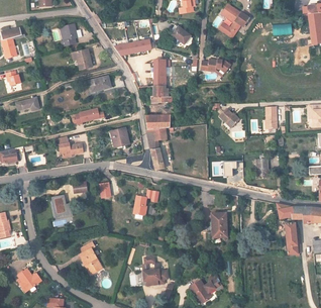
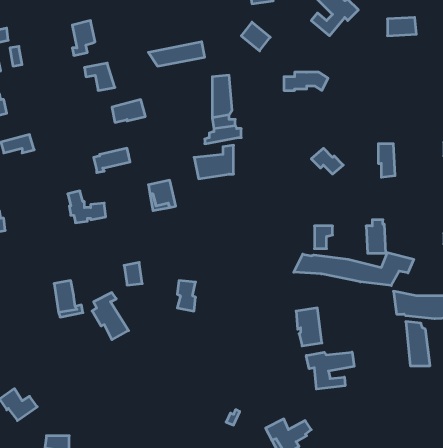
building: [146,125,168,168] -> none
building: none -> [294,253,414,286]
building: none -> [306,352,354,389]
building: [76,243,100,275] -> [92,293,129,340]
building: [141,256,165,285] -> none

